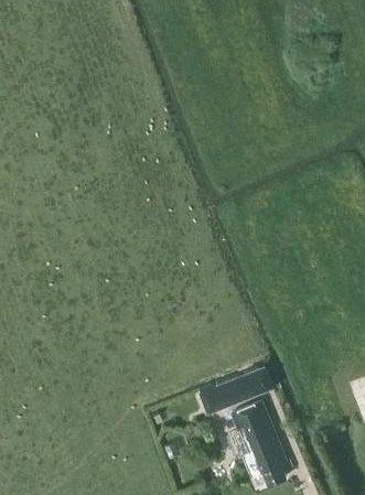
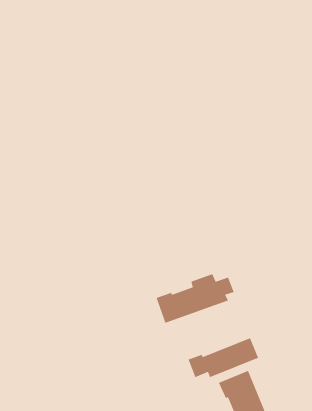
building: none -> [155,273,235,324]

